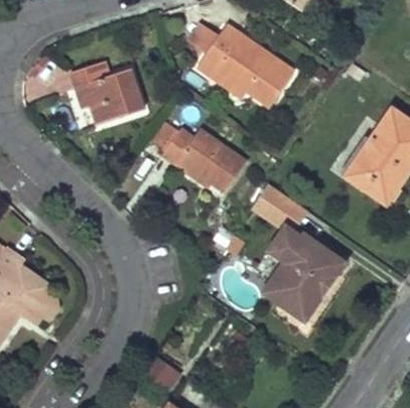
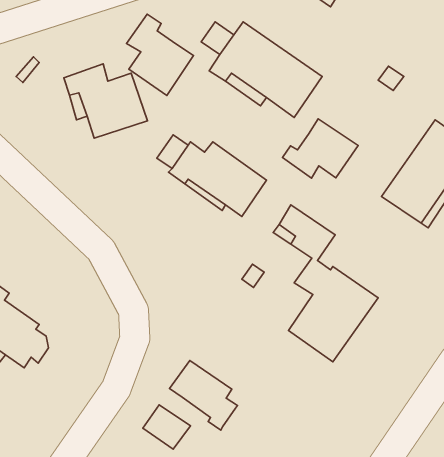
building: none -> [127,14,194,95]
building: none -> [282,119,358,178]
building: none -> [169,360,237,430]

